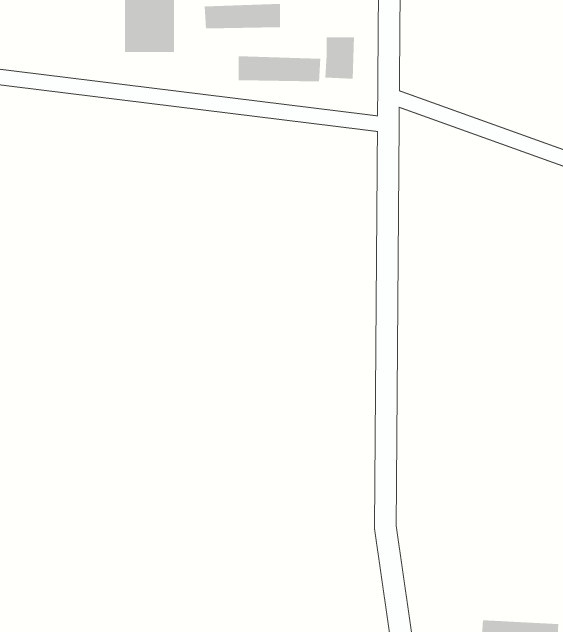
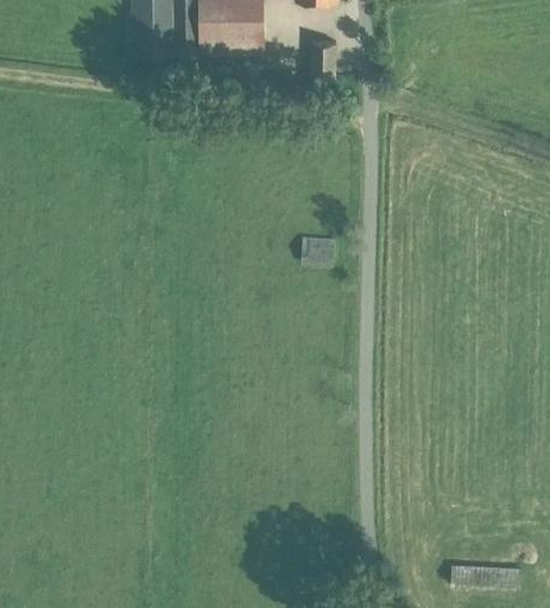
building: [238,56,321,82] -> none
building: none -> [299,236,333,264]

